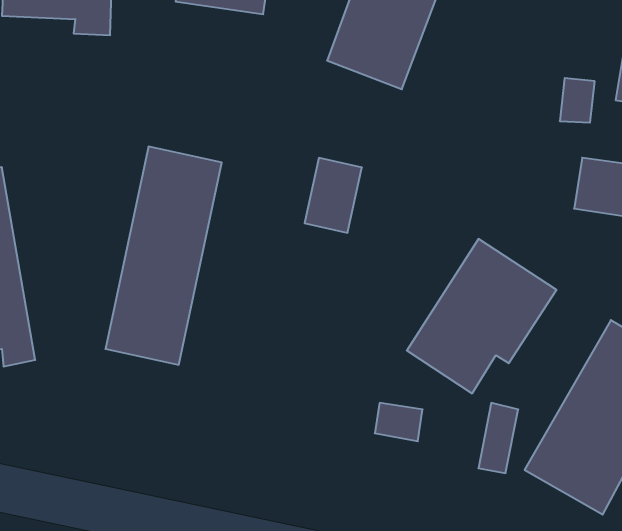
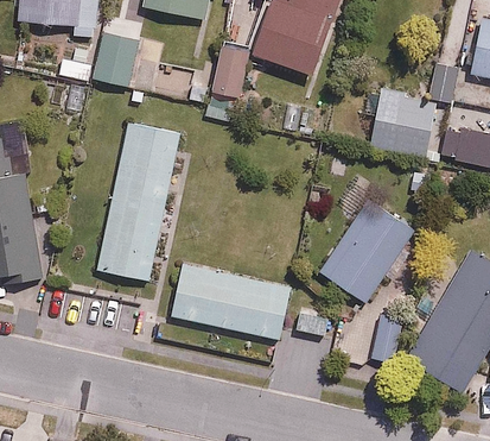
building: none -> [91,31,155,89]
building: none -> [373,96,438,151]
building: [305,158,362,233] -> [214,40,256,96]
building: none -> [167,262,294,340]

